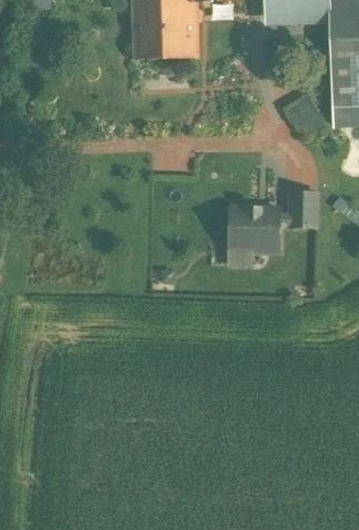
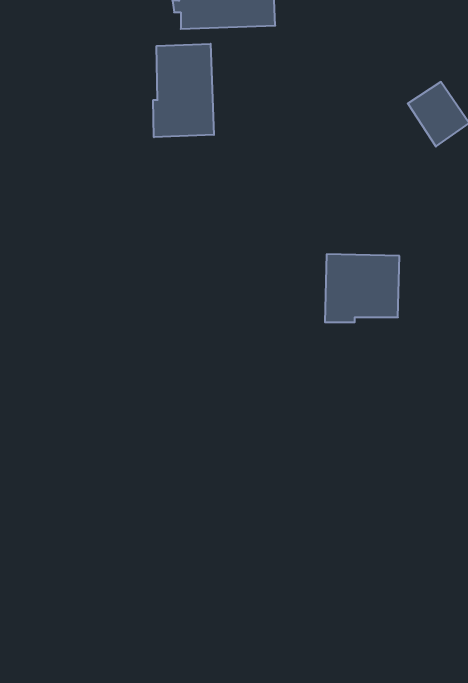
building: none -> [153,44,214,137]
building: [289,192,316,226] -> none

